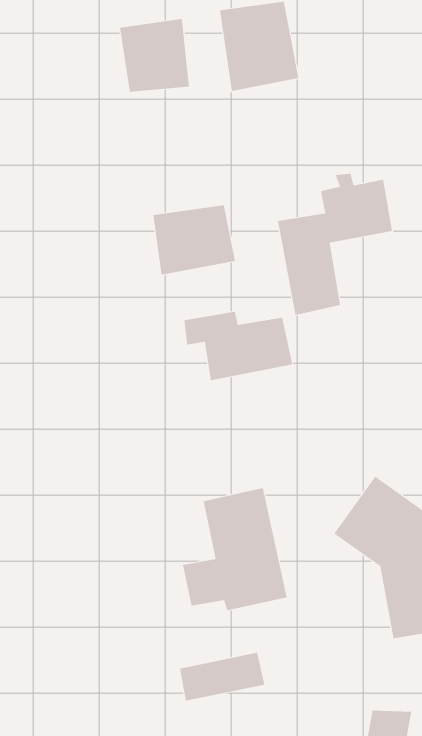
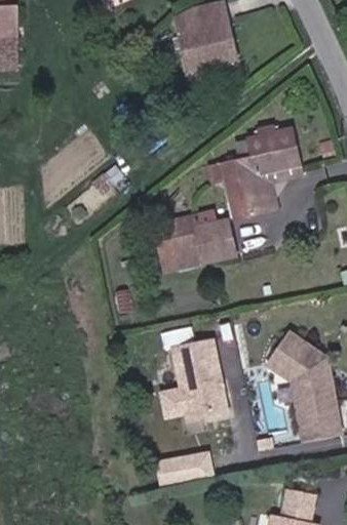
building: [119,18,190,92] -> none
building: [153,204,235,275] -> none
building: none -> [258,160,303,211]

